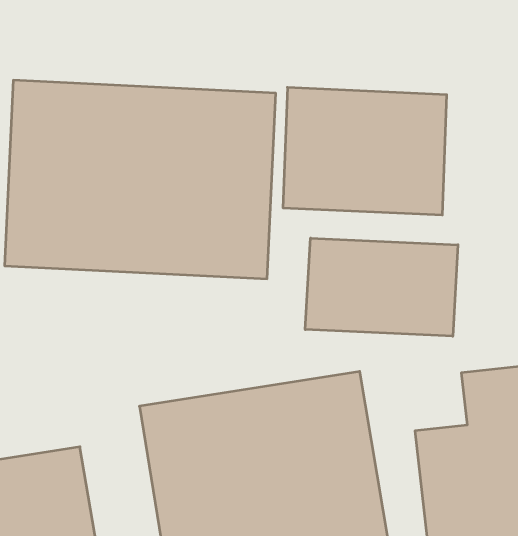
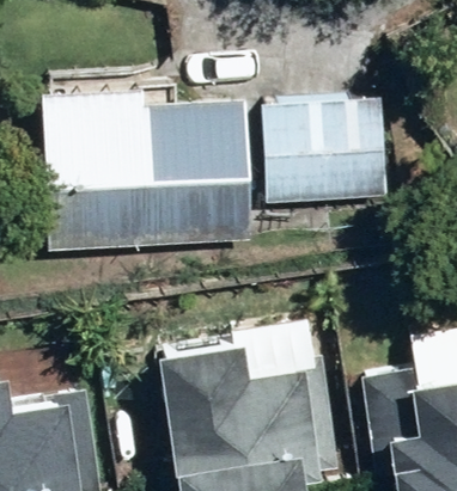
building: [305,238,458,336] -> none

